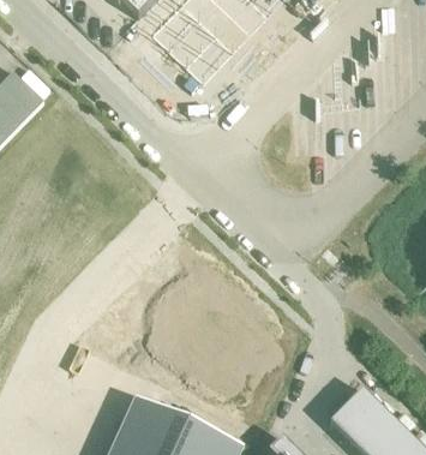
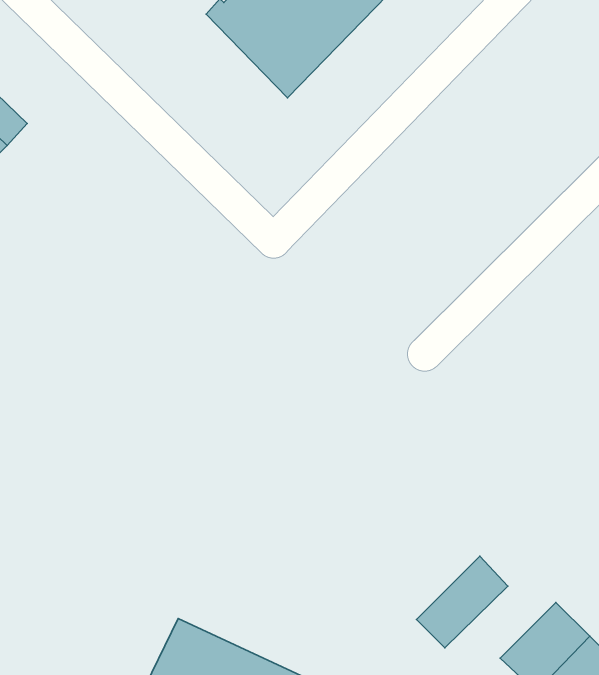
building: none -> [416,556,508,648]

